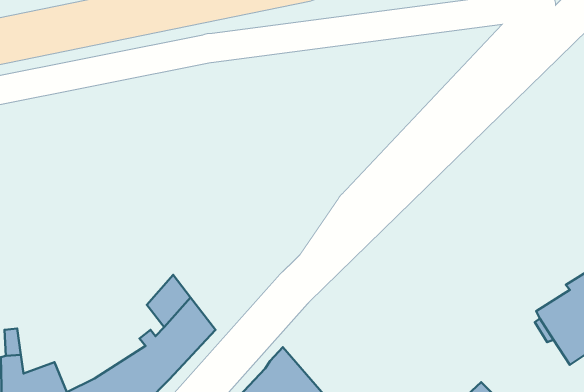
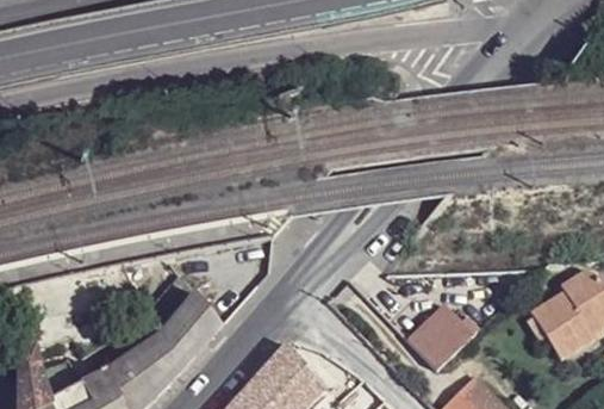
building: none -> [401,303,471,370]

